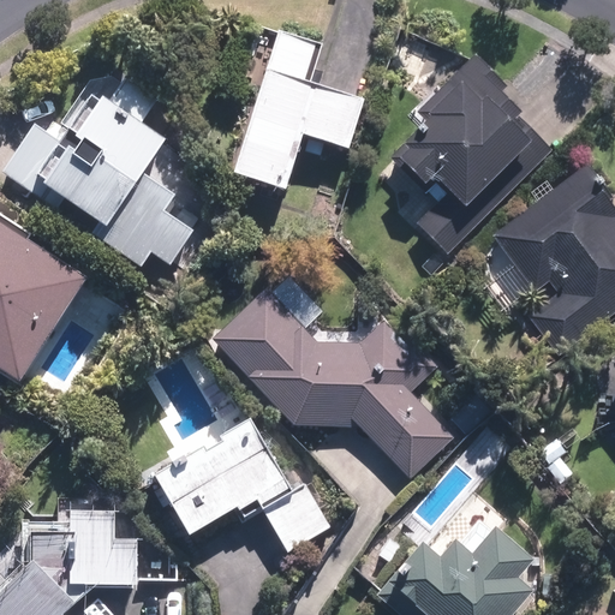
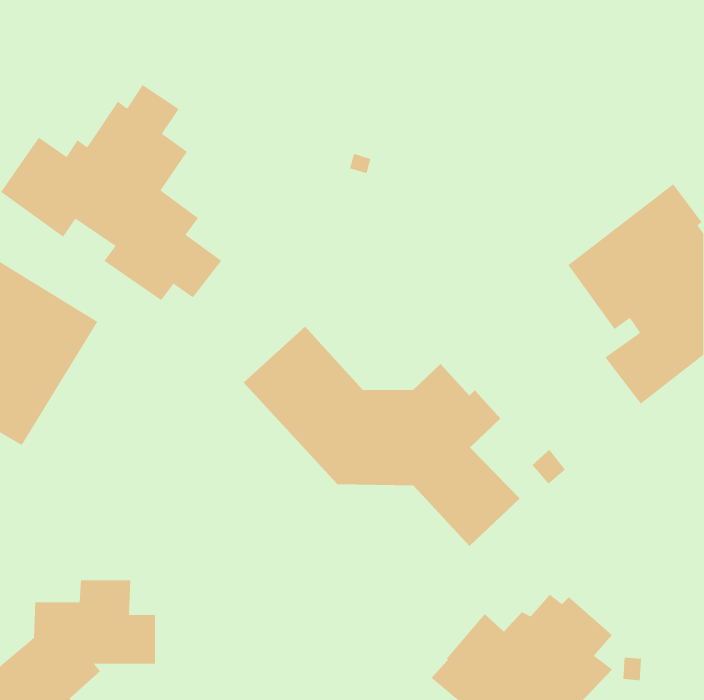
building: [233,28,364,187] -> none
building: [389,53,551,255] -> none
building: [153,414,329,554] -> none

